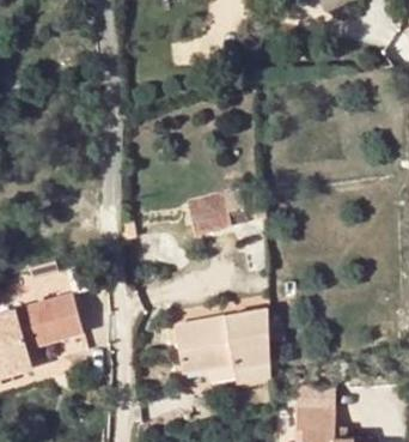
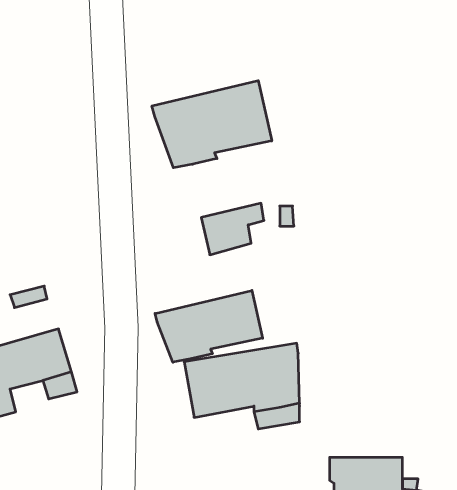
building: none -> [152,81,272,168]
building: none -> [155,290,263,362]

